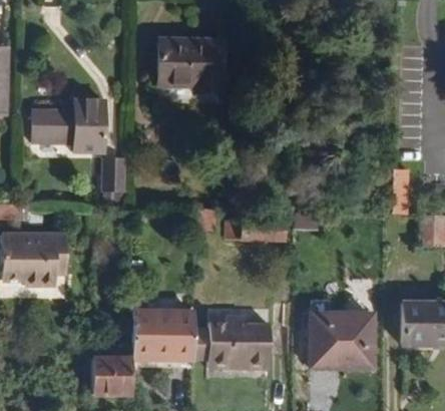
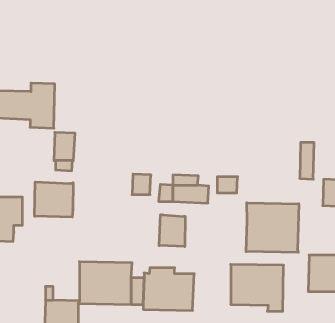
building: [157,37,224,93] -> none
building: none -> [35,182,73,217]
building: none -> [246,203,299,252]
building: none -> [159,215,185,247]

